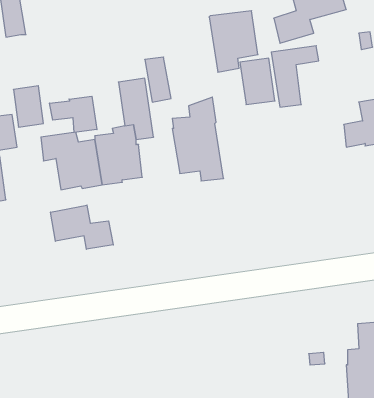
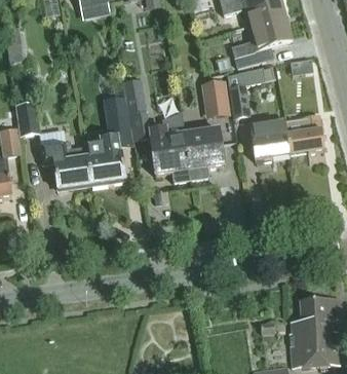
building: [209,11,258,72] -> [183,128,223,179]
building: [50,96,97,132] -> none
building: none -> [248,119,291,160]
building: [51,205,113,249] -> none

